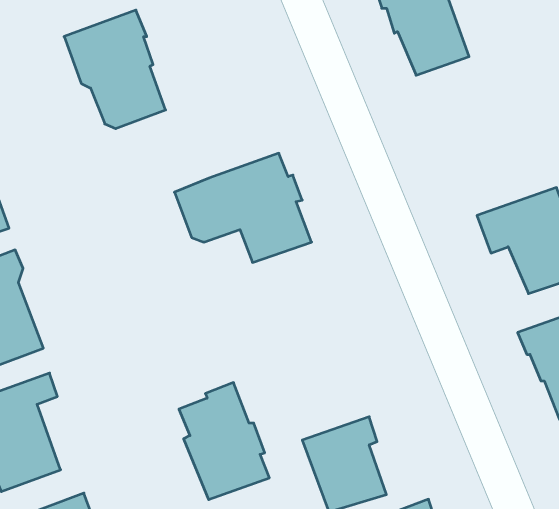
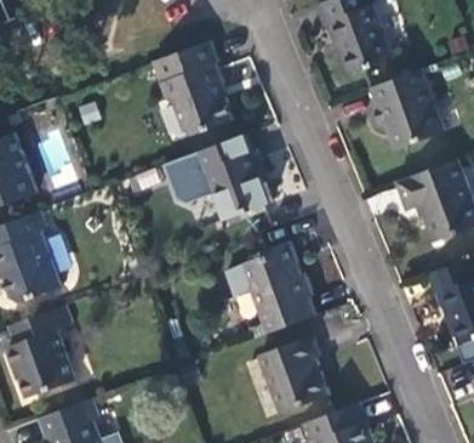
building: [64,10,166,129] -> [152,40,230,132]
building: none -> [365,69,440,148]
building: [179,383,269,500] -> [242,243,313,334]

